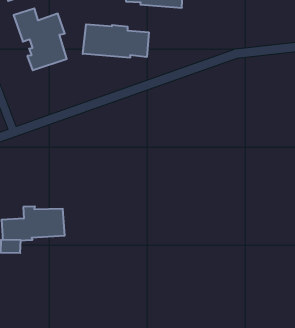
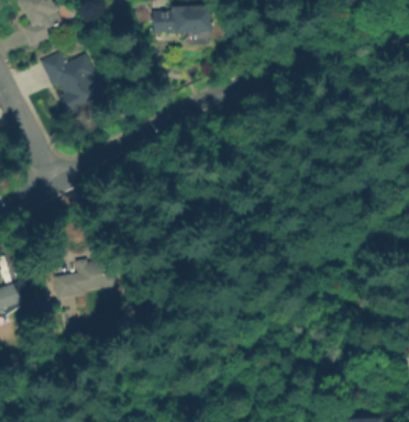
building: [83,24,149,58] -> none

